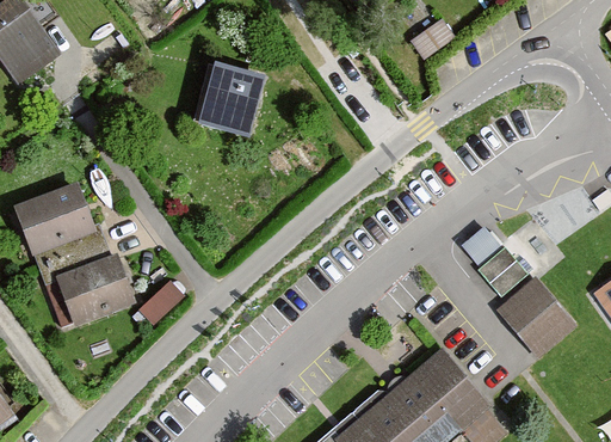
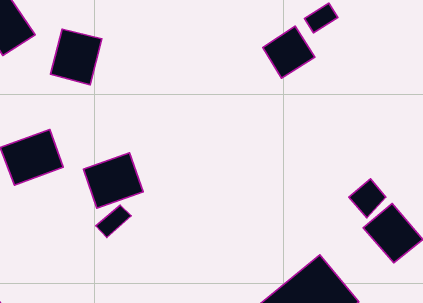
building: none -> [263,26,315,78]
building: [199,63,267,137] -> [50,29,102,85]
building: [56,254,135,327] -> [83,153,143,208]

